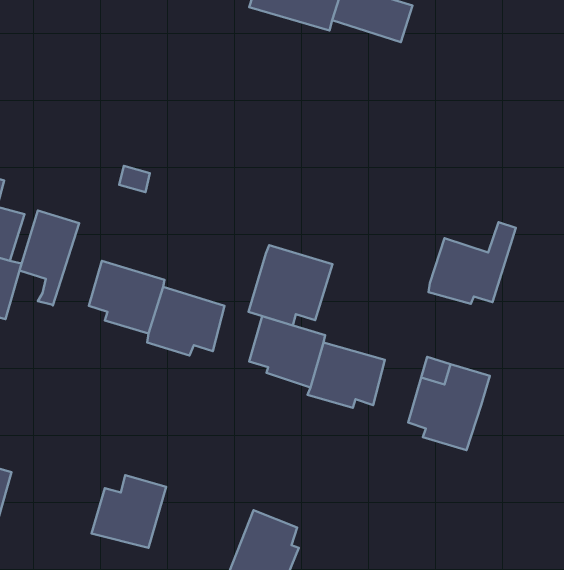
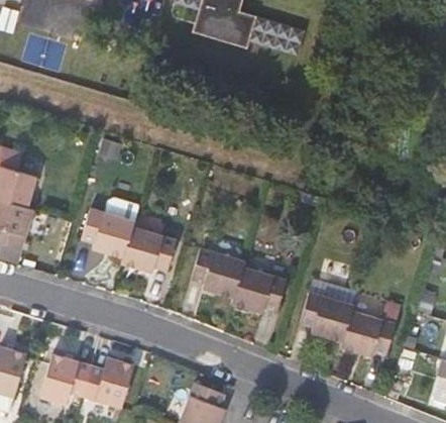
building: [20,211,79,305] -> none
building: [428,222,516,304] -> [341,297,402,353]
building: [249,245,333,325] -> none
building: none -> [40,355,92,406]

